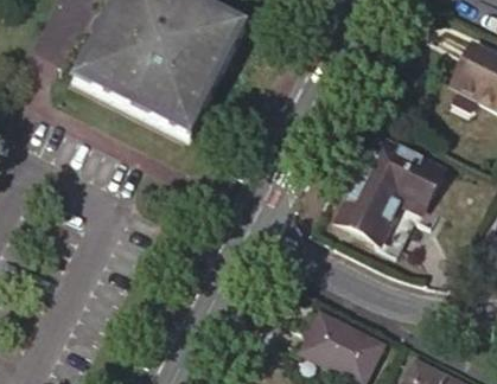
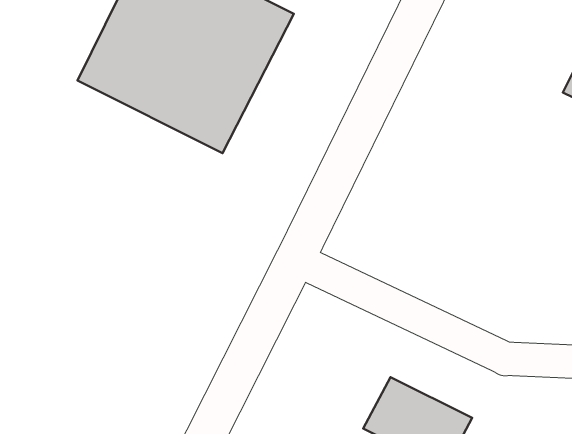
building: [337,137,441,256] -> none

